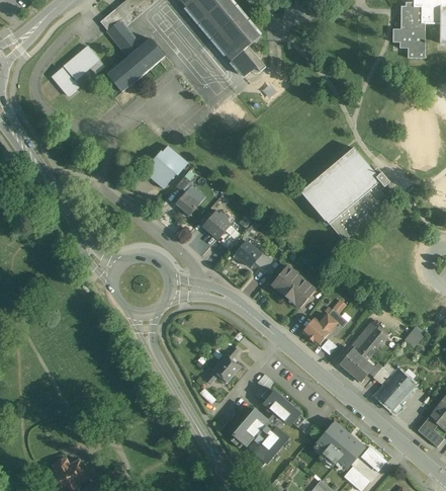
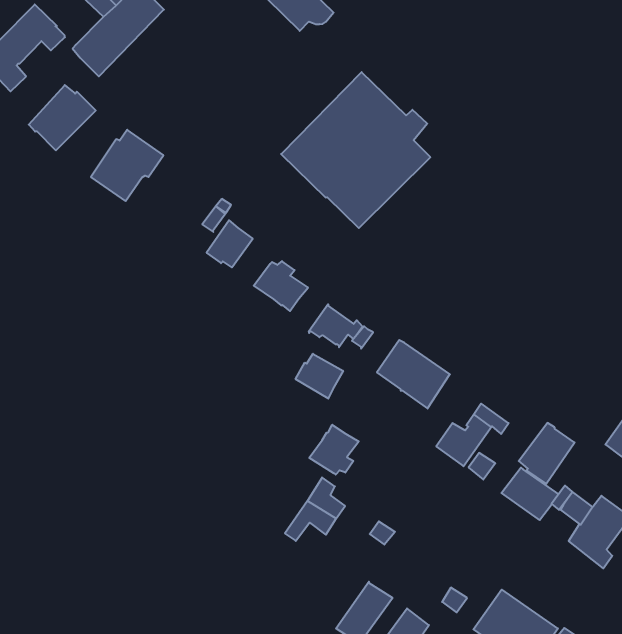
building: none -> [29,85,96,150]
building: [143,145,187,187] -> [91,130,163,201]
building: [300,147,389,240] -> [281,72,430,228]
building: none -> [296,354,343,399]
building: none -> [309,425,359,475]
building: [263,390,300,425] -> none

